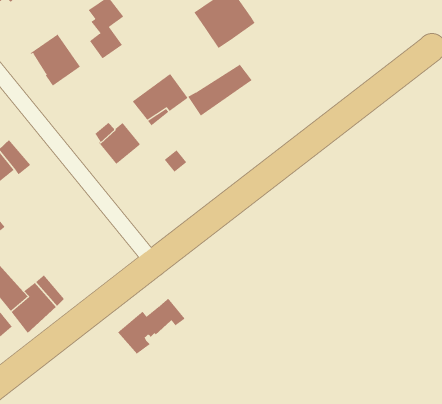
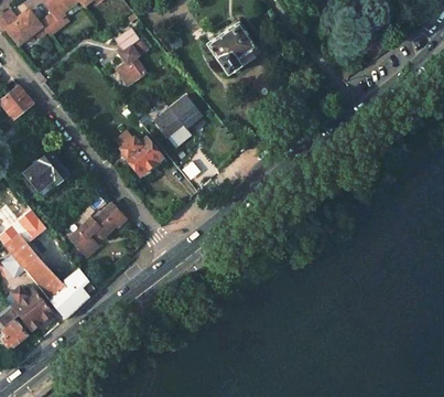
building: [30,33,81,86] -> none
building: [188,64,253,116] -> none
building: [117,298,185,355] -> [69,208,128,257]

